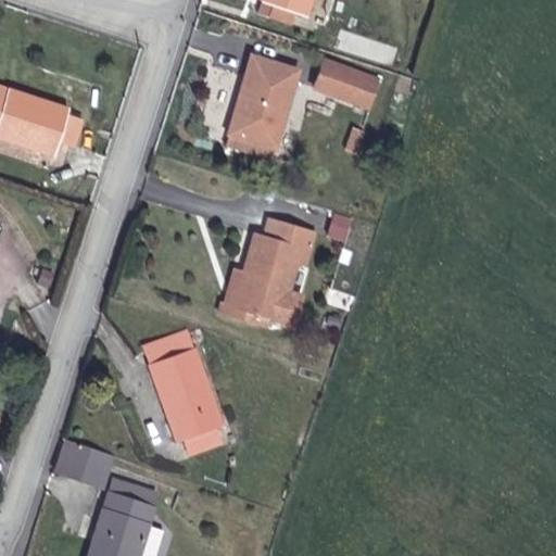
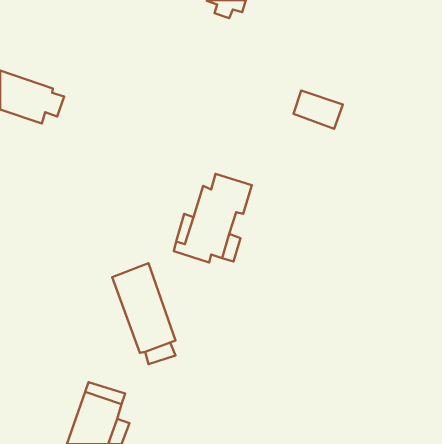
building: [228,58,298,157] -> none
building: [315,61,377,109] -> [293,91,343,129]
building: [59,440,113,484] -> none

